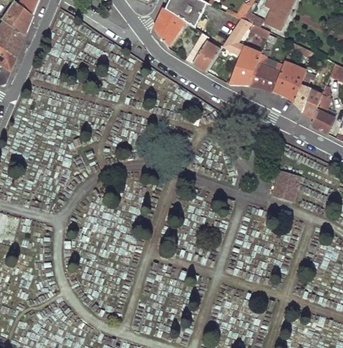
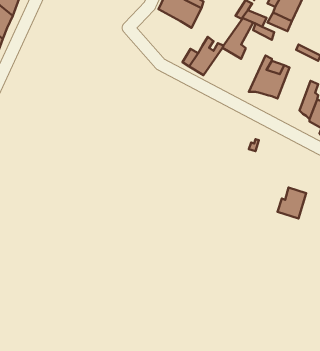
building: [153,9,185,48] -> none
building: [229,47,262,86] -> none
building: [273,55,305,103] -> none

